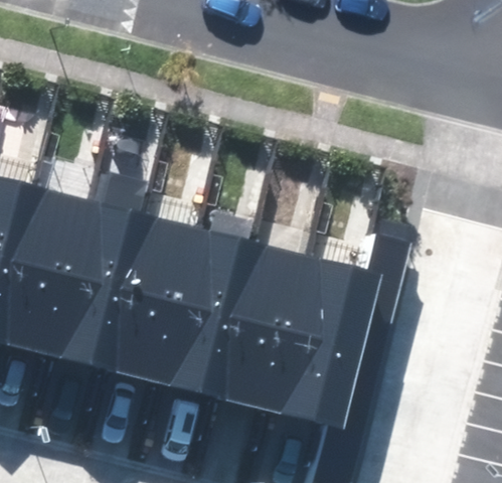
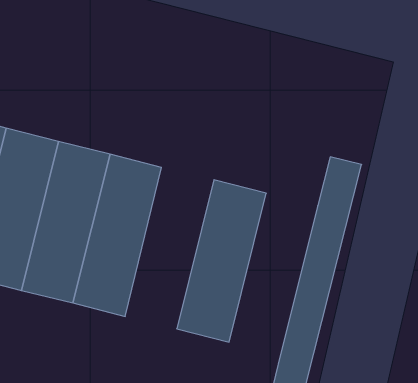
building: [146,222,239,392] -> none
building: [256,250,349,420] -> none

